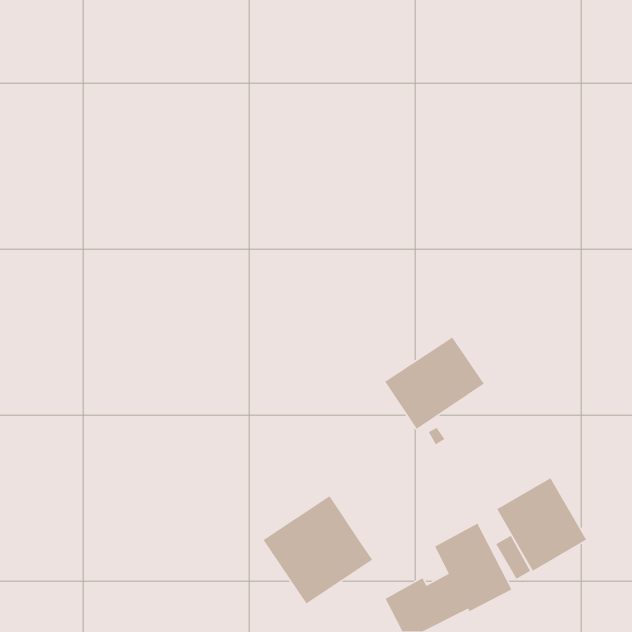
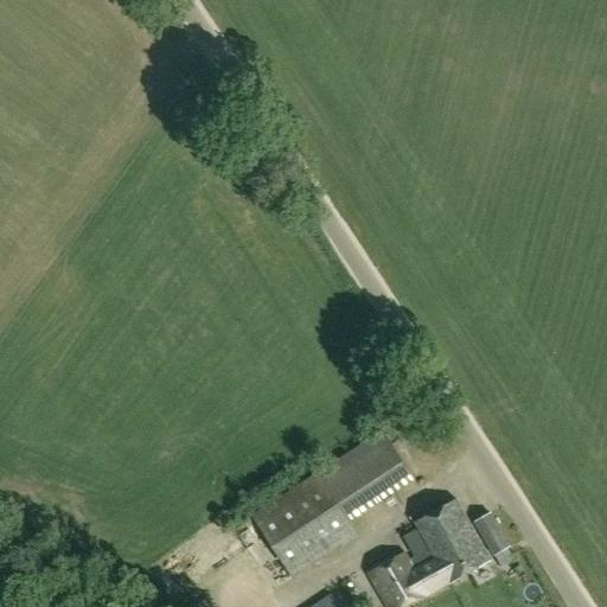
building: [384,337,485,430] -> [314,429,410,518]
building: [496,477,587,572] -> none

